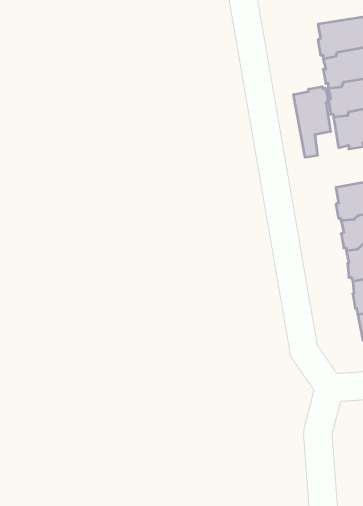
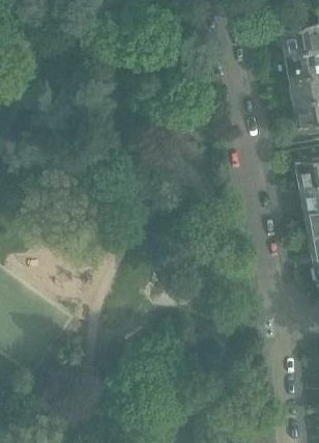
building: [294,87,331,157] -> none

